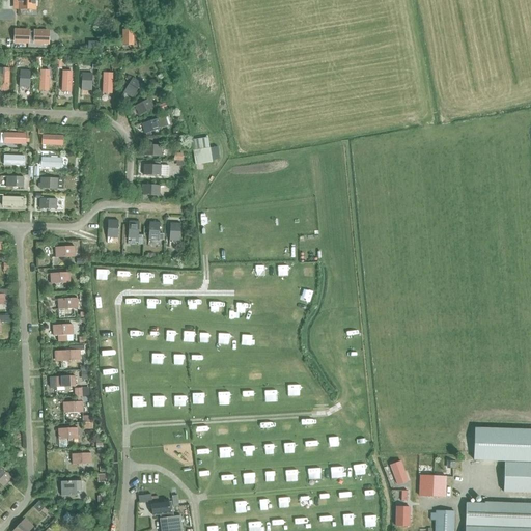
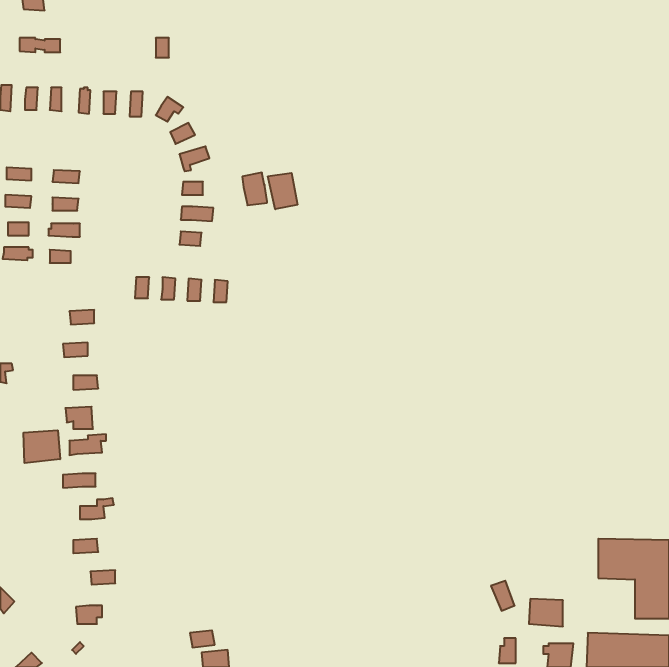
building: none -> [268,173,297,209]
building: none -> [24,430,60,463]

